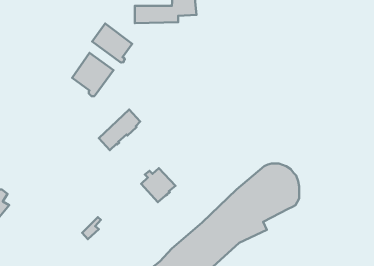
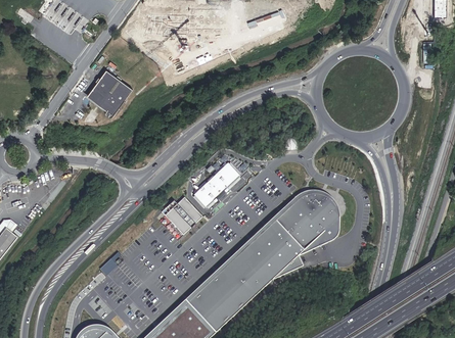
building: [92,24,132,62] -> none
building: [99,110,140,150] -> [192,162,238,207]

